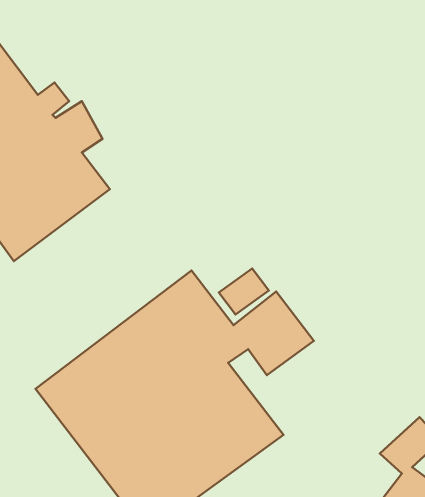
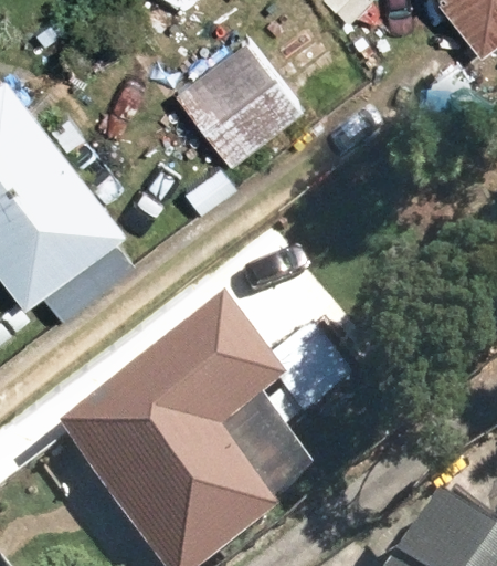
building: none -> [173,35,300,163]

